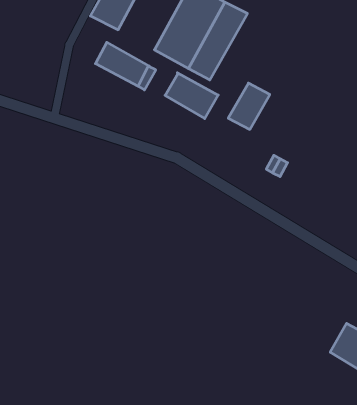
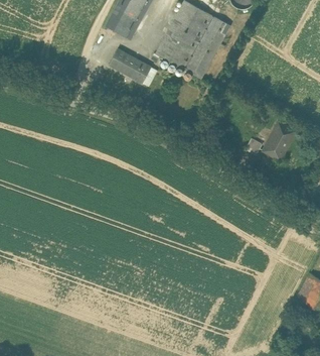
building: [165,73,218,119] -> none
building: [228,83,270,129] -> [264,123,297,160]

